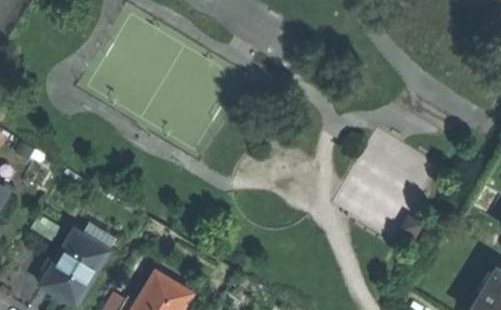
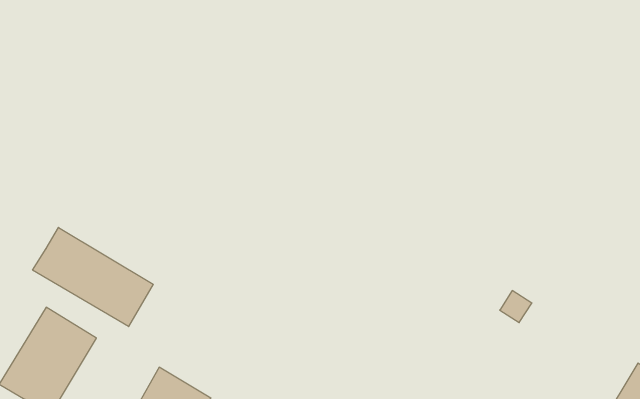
building: none -> [33,227,153,327]

